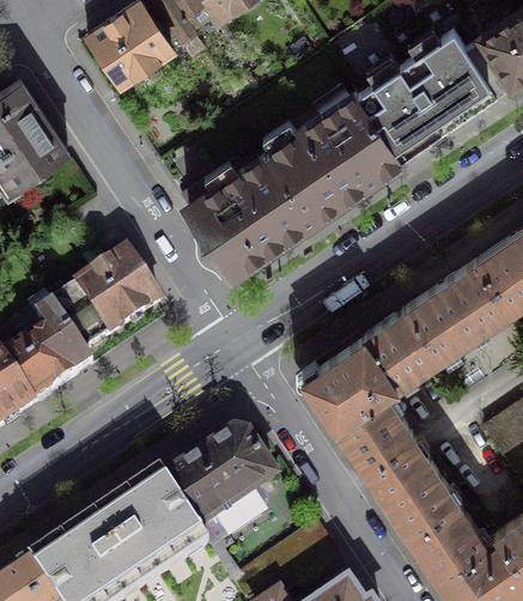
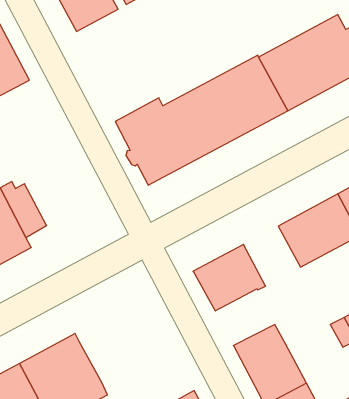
building: [73,253,157,338] -> none
building: [360,309,436,387] -> none
building: [333,391,411,467] -> none
building: [163,435,273,532] -> none

